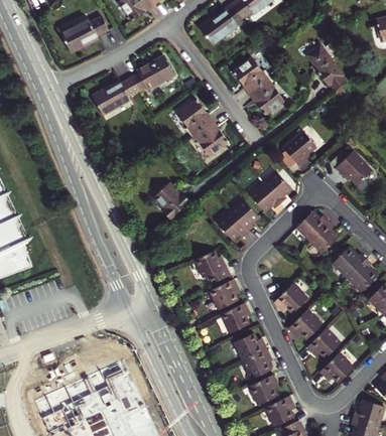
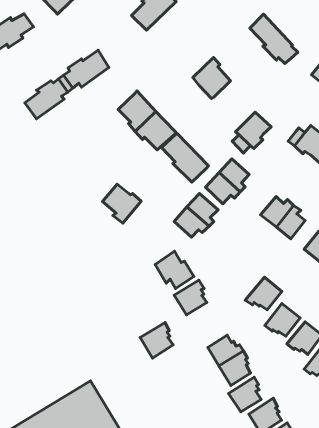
building: [233,58,270,94] -> none
building: none -> [162,133,209,182]
building: [220,303,249,334] -> [140,323,173,358]

